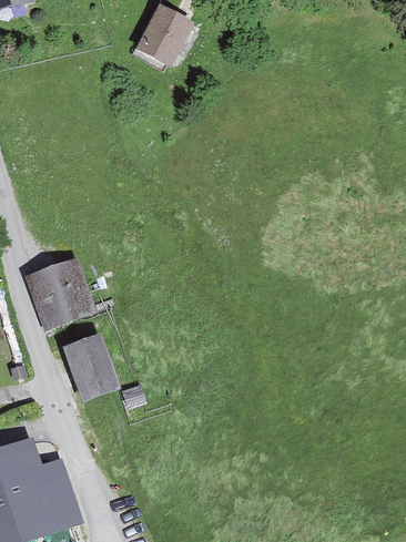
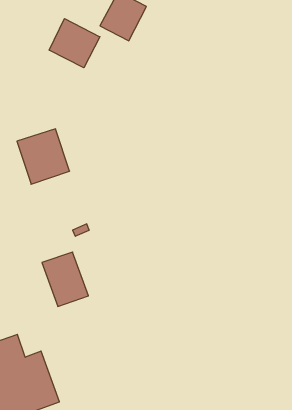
building: none -> [49,19,100,68]
building: [28,258,94,328] -> [17,129,70,184]

